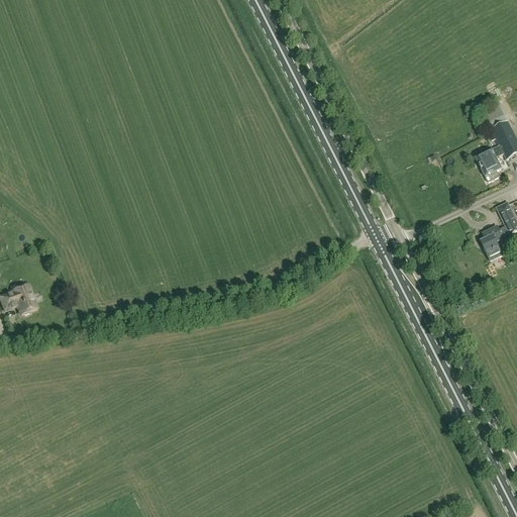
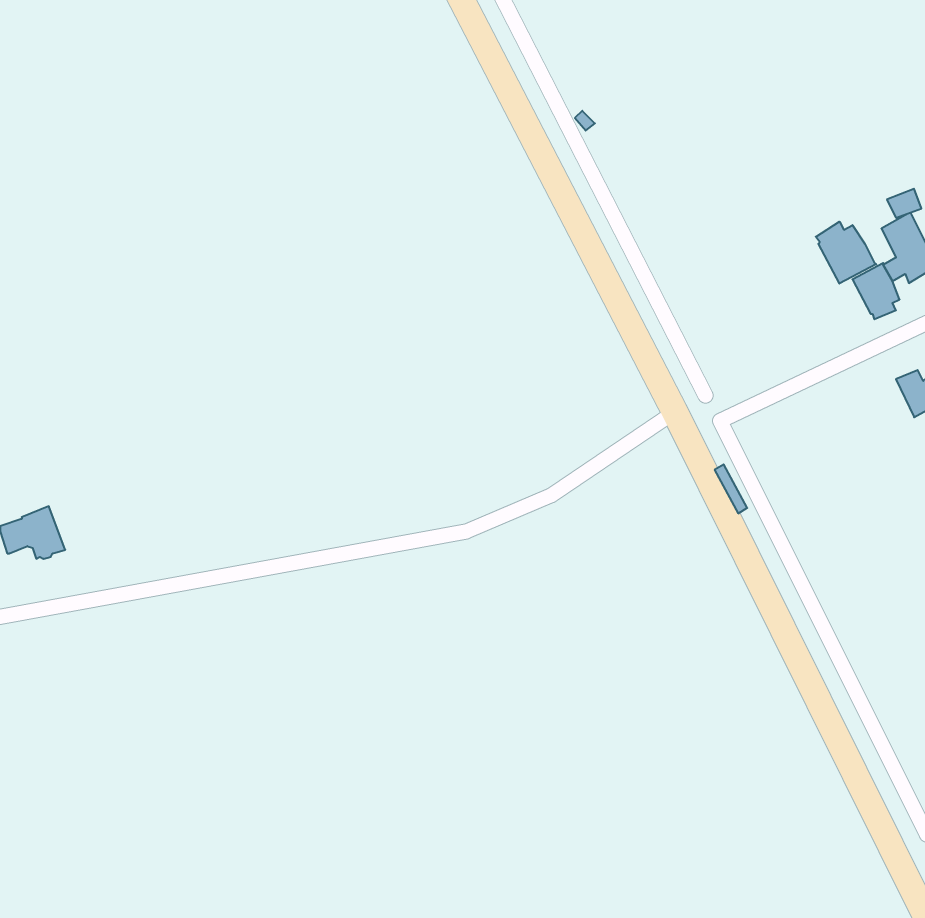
building: none -> [816,222,876,284]
building: [482,225,504,258] -> none

